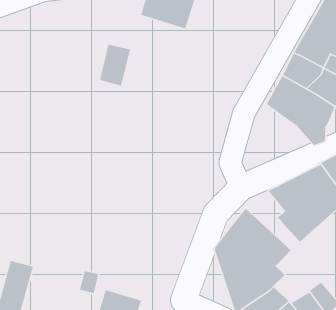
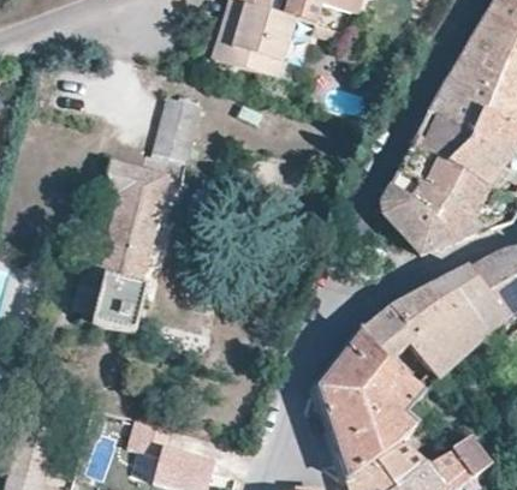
building: none -> [73,163,167,333]
building: none -> [381,184,459,256]
building: none -> [362,306,417,357]

